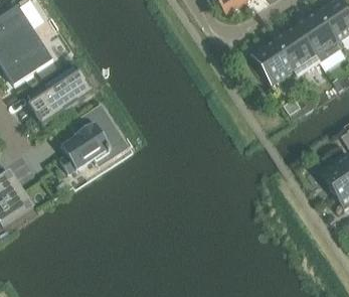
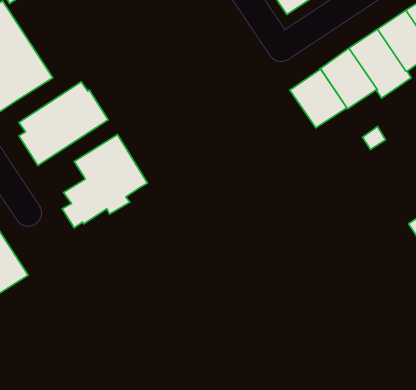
building: none -> [290,68,347,128]

